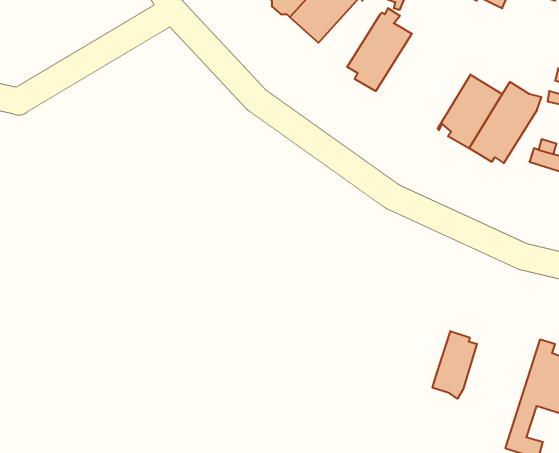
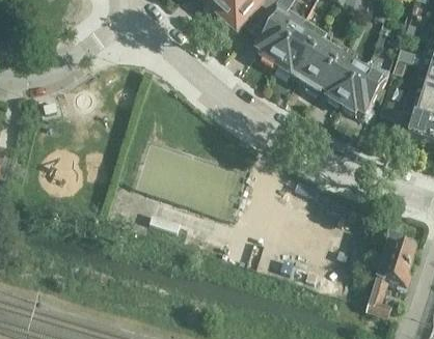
building: none -> [275,24,343,89]
building: [432,331,477,399] -> none

